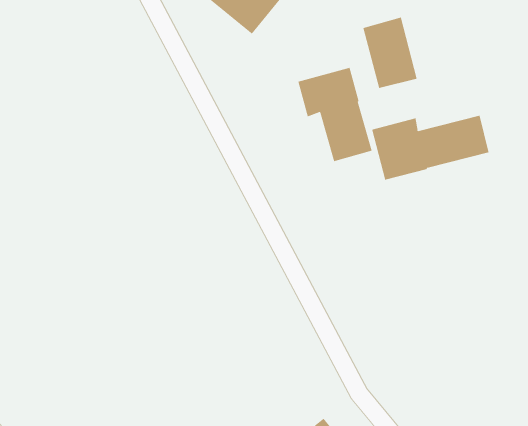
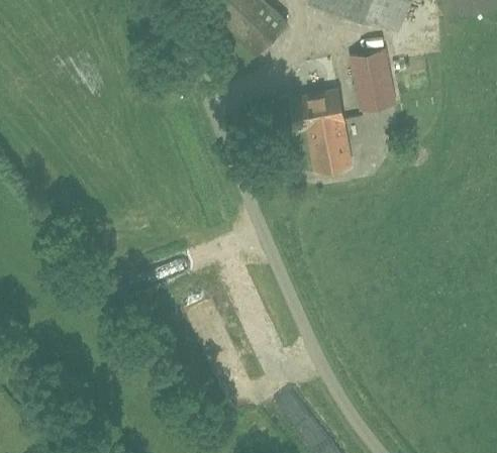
building: [372,115,489,180] -> none

